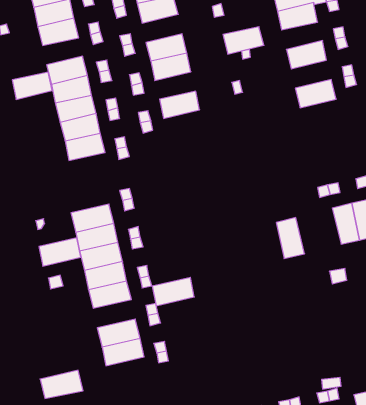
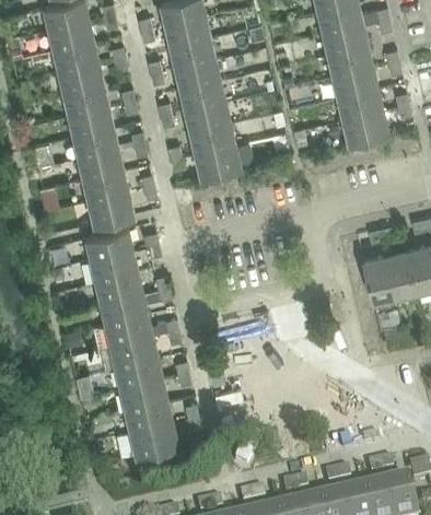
building: none -> [171,42,215,73]
building: [223,27,264,54] -> [327,50,373,81]
building: none -> [338,93,383,125]
building: none -> [185,106,231,137]
building: [12,72,52,99] -> [59,68,104,98]
building: none -> [195,149,241,180]
building: none -> [89,197,133,227]
building: [276,218,305,259] -> [362,259,394,305]
building: [39,238,81,266] -> [86,233,133,265]
building: [152,277,194,306] -> [116,362,163,394]
building: [40,370,83,398] -> [130,426,178,458]

